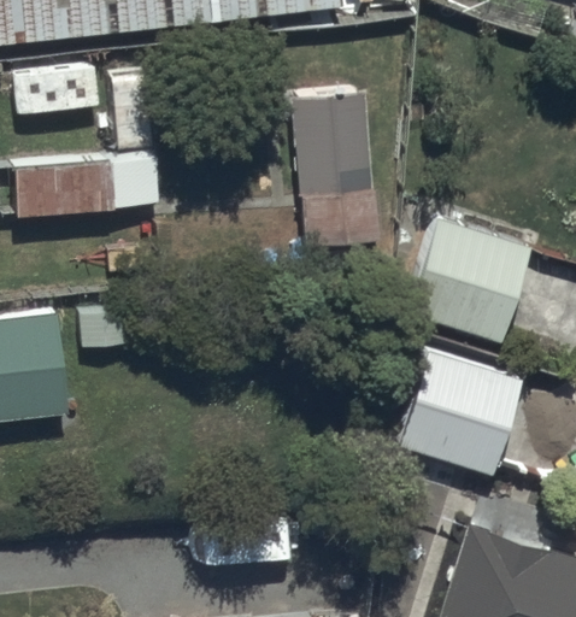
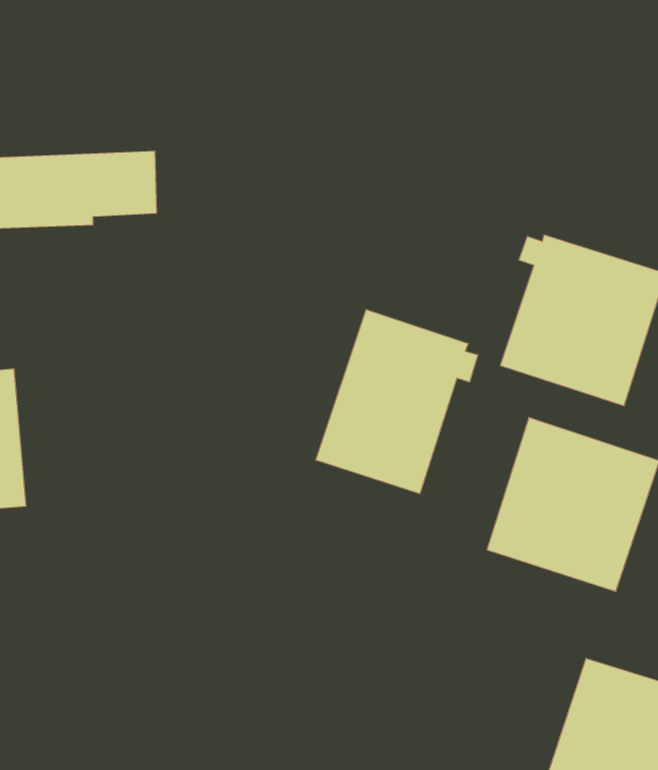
building: [292,92,377,247] -> none
building: none -> [316,309,478,494]

